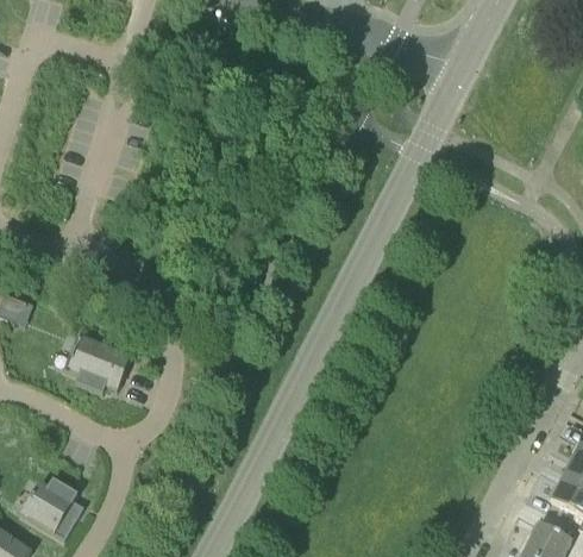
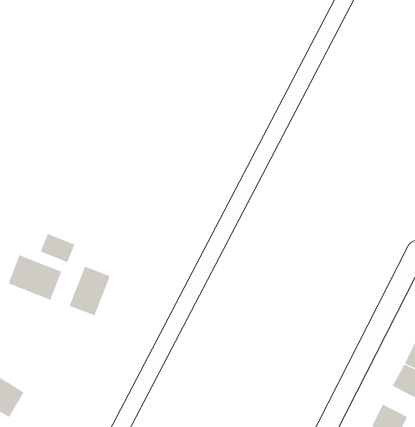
building: none -> [40,233,75,263]
building: none -> [69,266,111,316]

